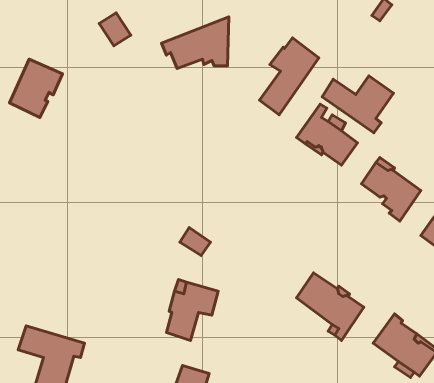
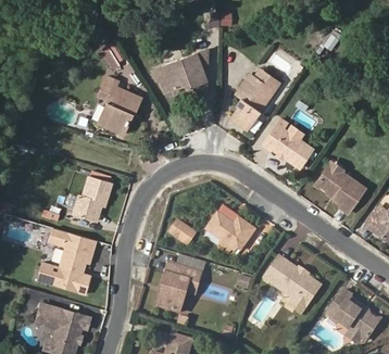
building: [9,59,62,117] -> [98,84,141,131]
building: [322,76,393,133] -> none
building: none -> [73,173,112,219]
building: none -> [204,214,253,256]
building: none -> [39,242,92,289]

